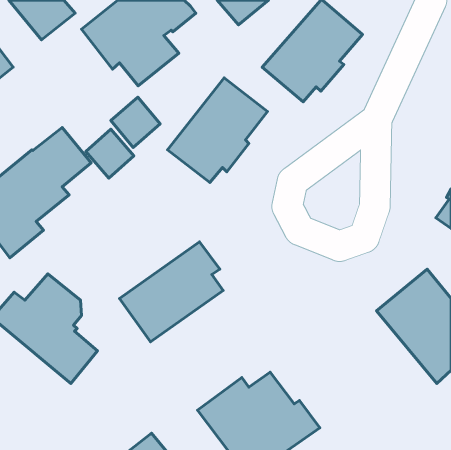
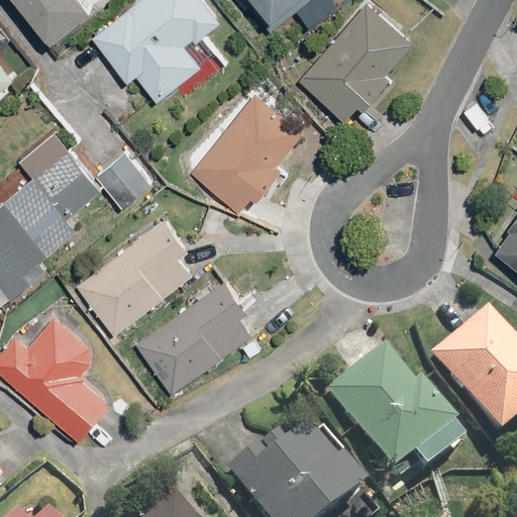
building: [111,97,160,147] -> none
building: none -> [78,217,194,334]
building: none -> [324,347,454,477]

